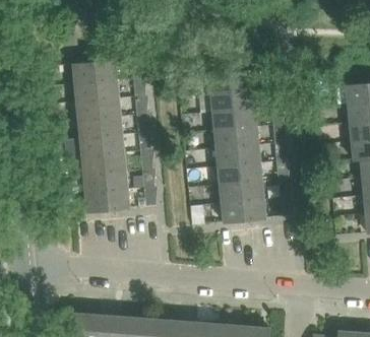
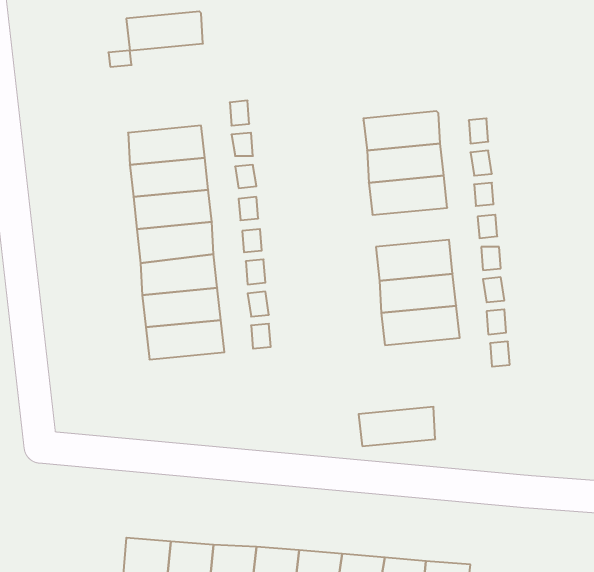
building: [72,60,116,82] -> [126,11,203,51]
building: [213,125,257,147] -> none
building: [221,199,264,221] -> [359,407,435,446]

